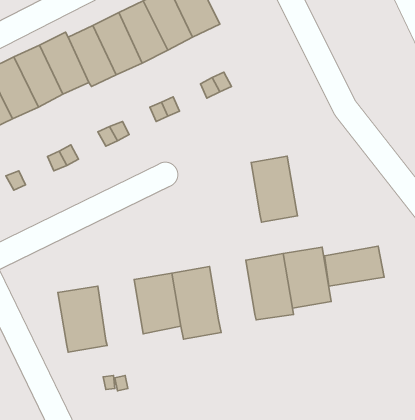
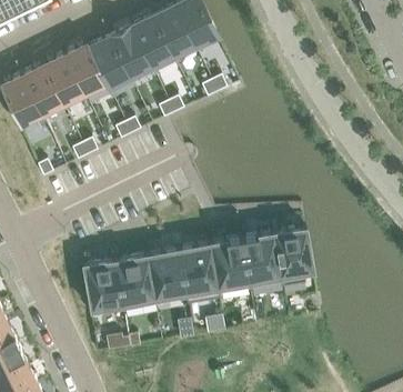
building: [251,156,298,222] -> [211,238,251,294]
building: [325,246,384,286] -> none
building: none -> [115,254,154,306]

